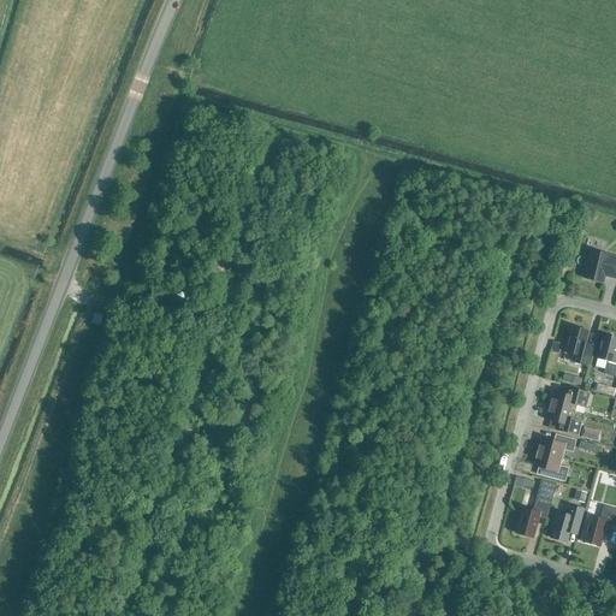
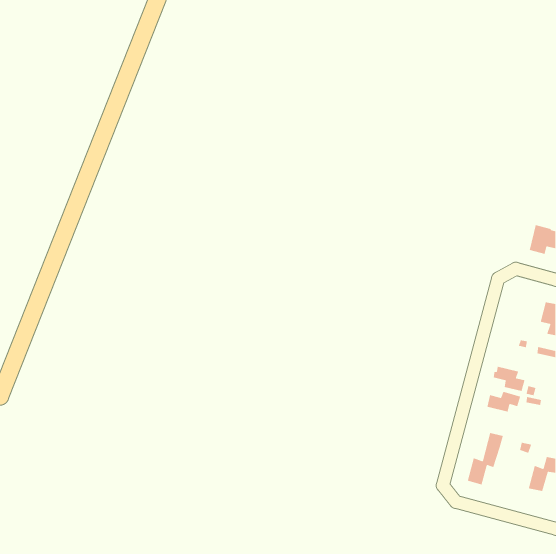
building: [565,325,591,363] -> none
building: [550,386,588,410] -> none
building: [534,450,569,480] -> none
building: [551,504,585,540] -> none

